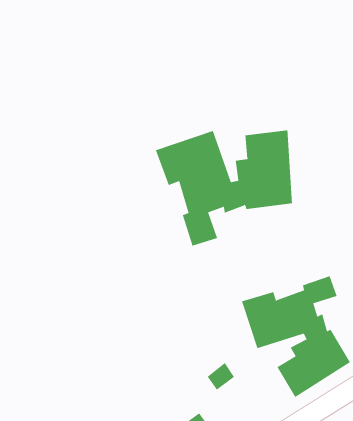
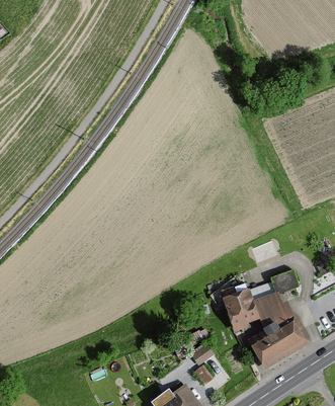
building: [155,129,292,246] -> none

